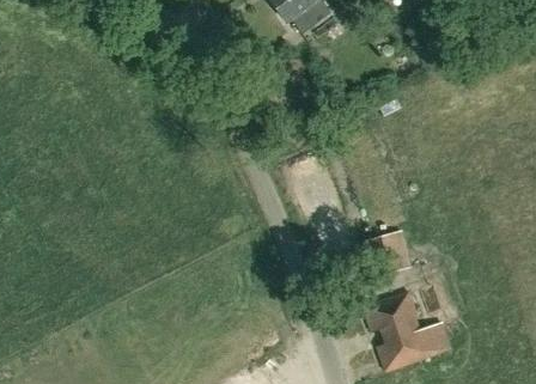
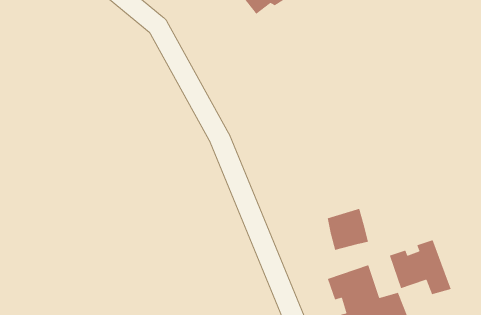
building: none -> [389,239,452,295]

